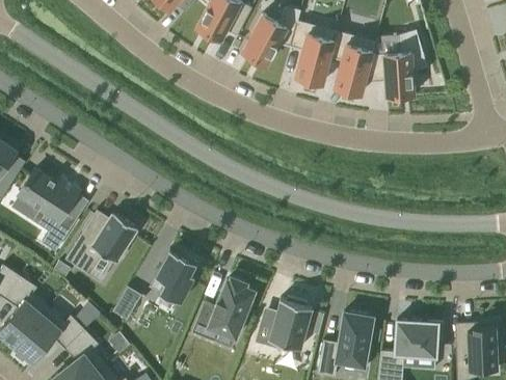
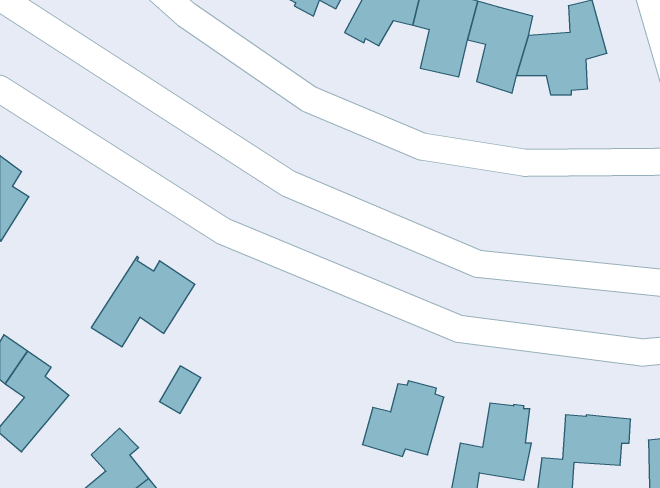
building: [20,170,79,251] -> none
building: [152,250,197,304] -> none
building: [192,277,255,341] -> none
building: [17,307,85,362] -> none

